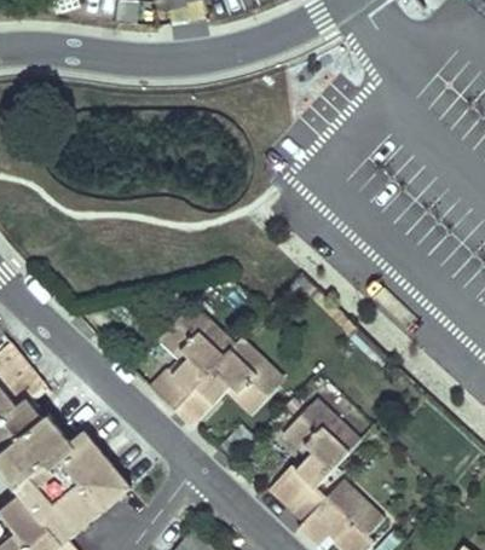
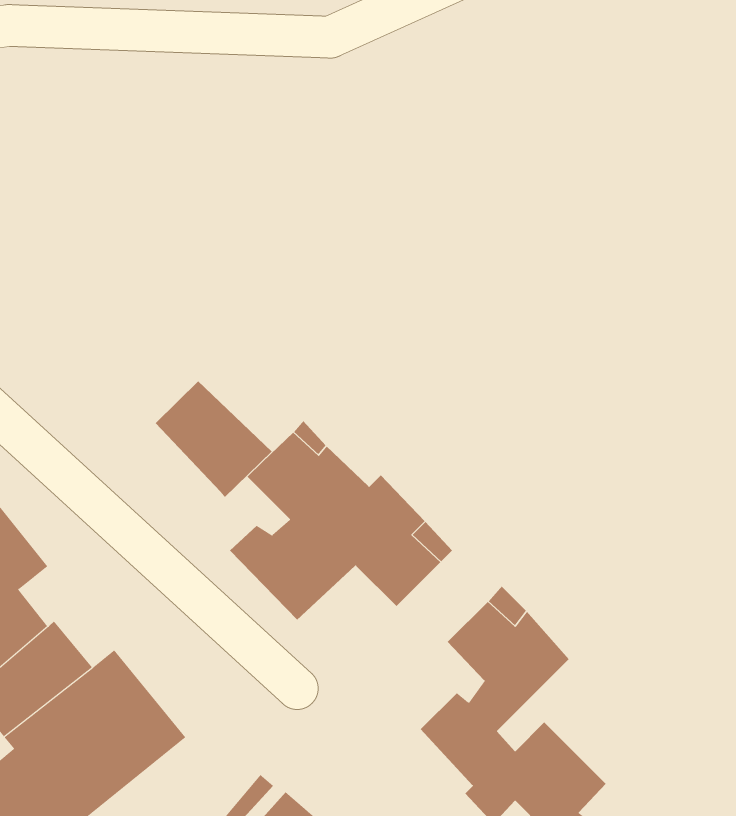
building: none -> [155,380,272,498]

